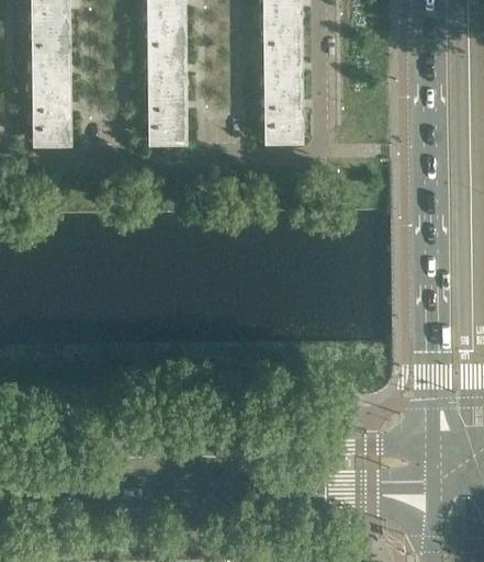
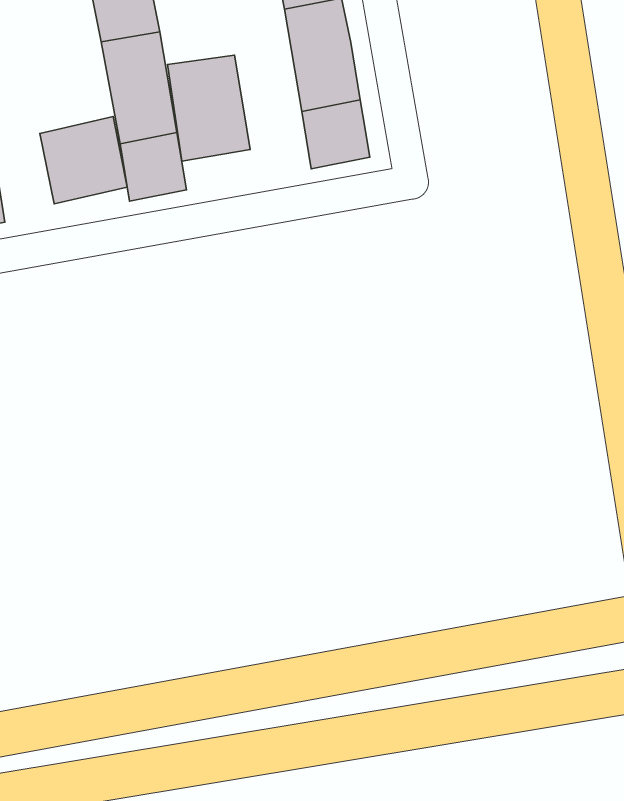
building: none -> [168,55,250,161]
building: none -> [40,117,127,204]

